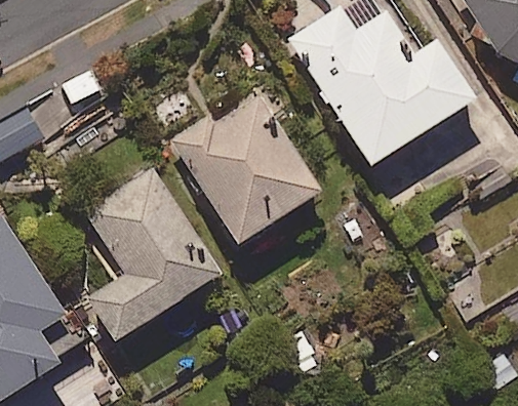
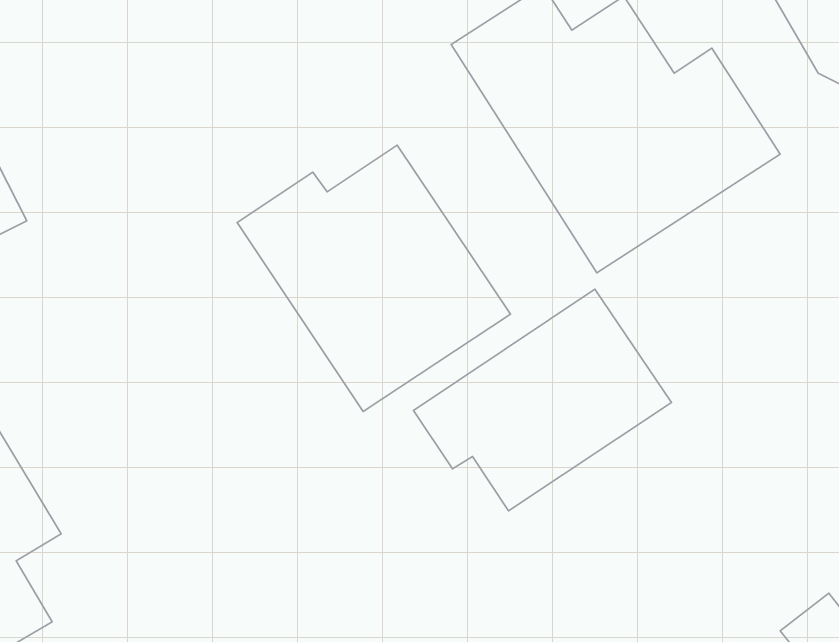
building: [84,165,221,340] -> none
building: none -> [413,289,672,511]

